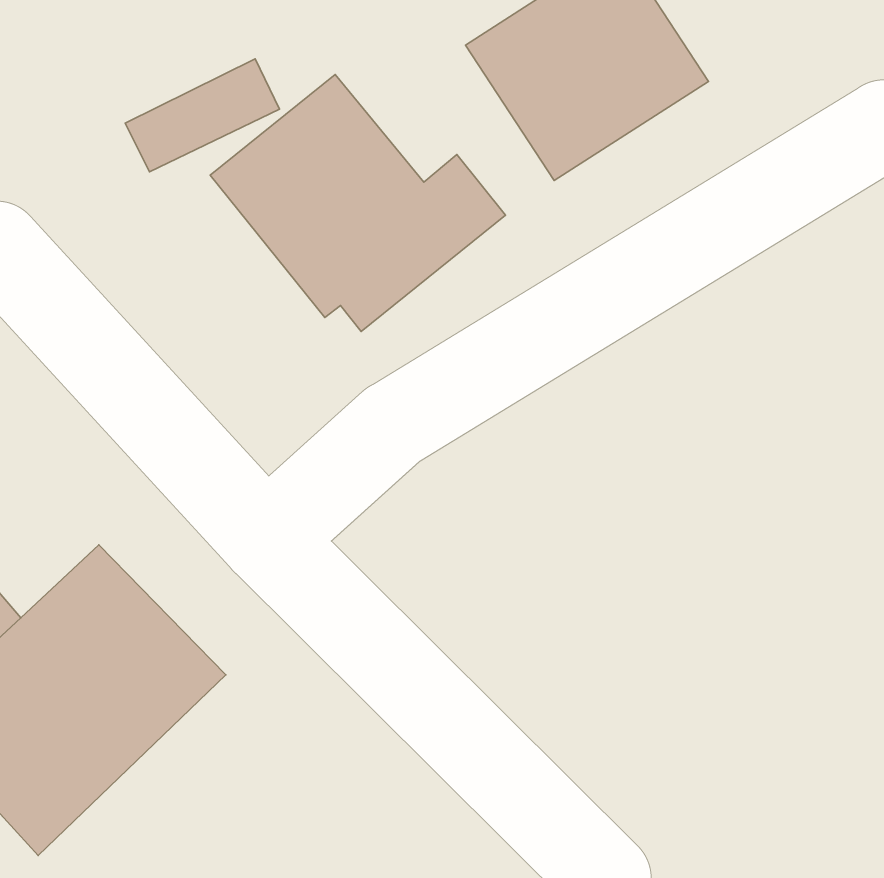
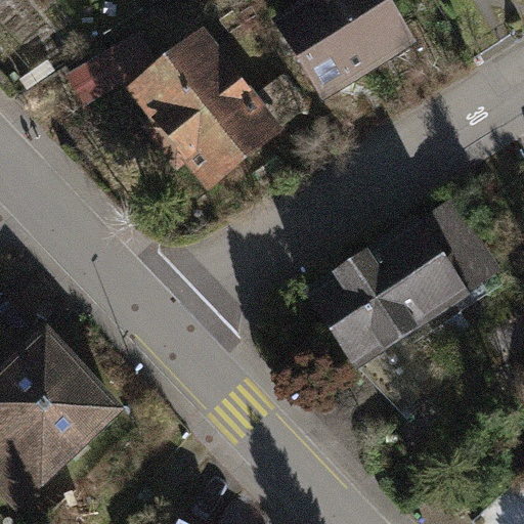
building: none -> [309,189,504,360]

